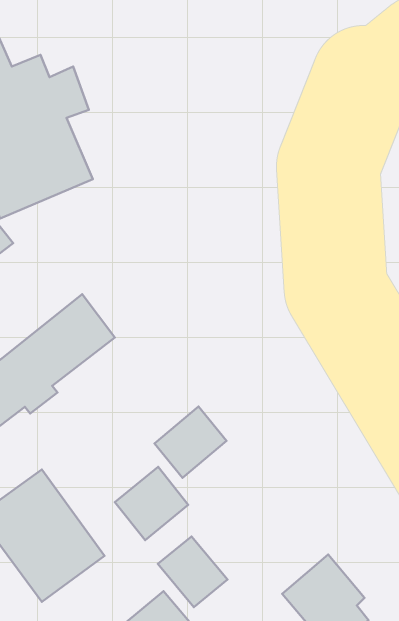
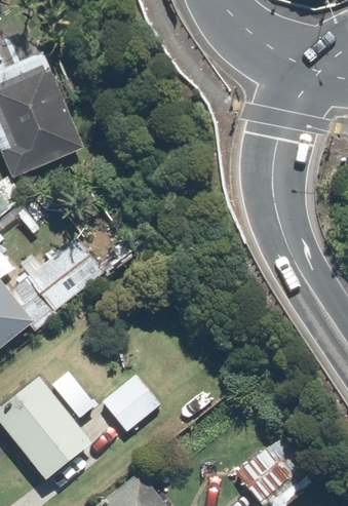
building: [154,407,227,478] -> none
building: [158,536,227,607] -> none

